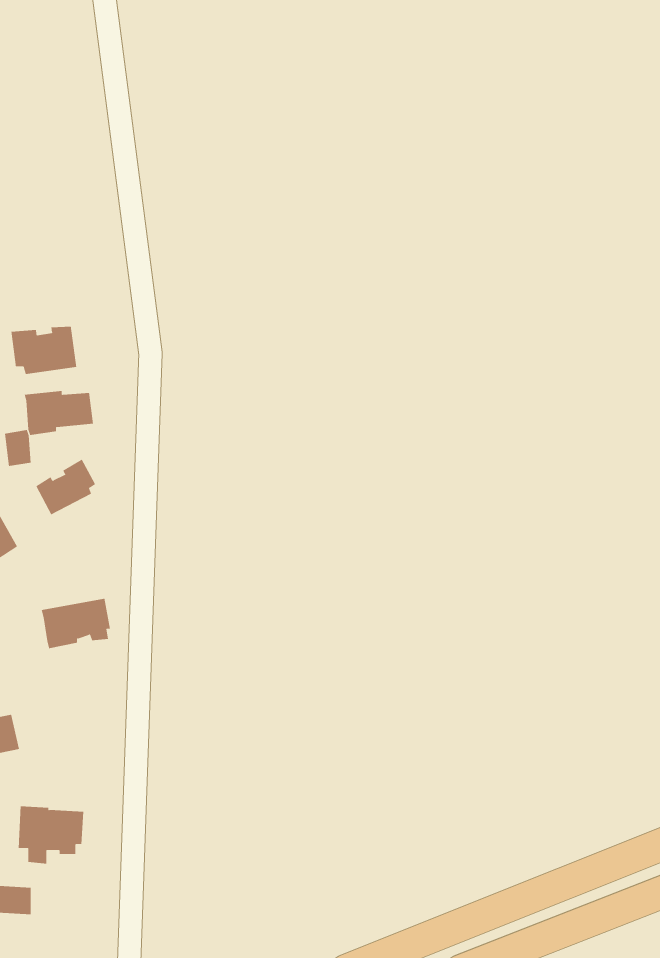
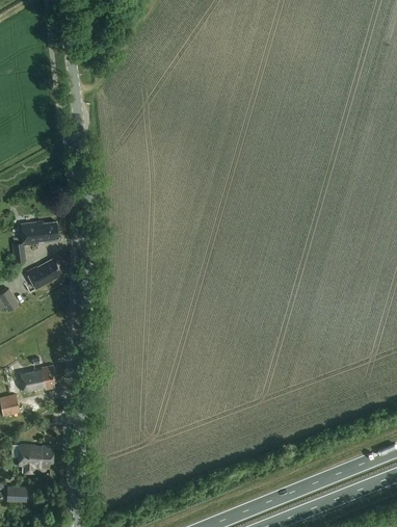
building: [11,326,77,375] -> none
building: [41,598,111,649] -> [19,366,56,393]

